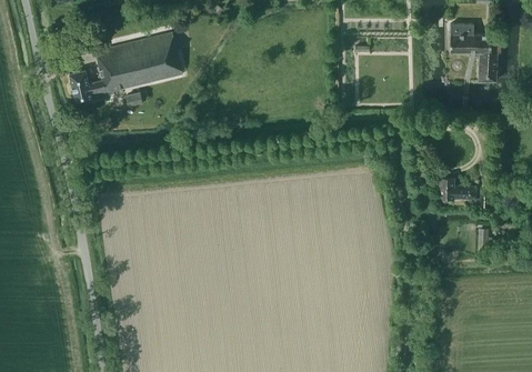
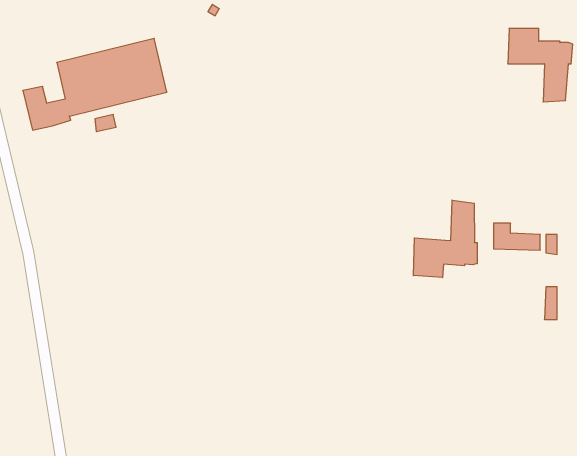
building: none -> [413,200,477,278]

